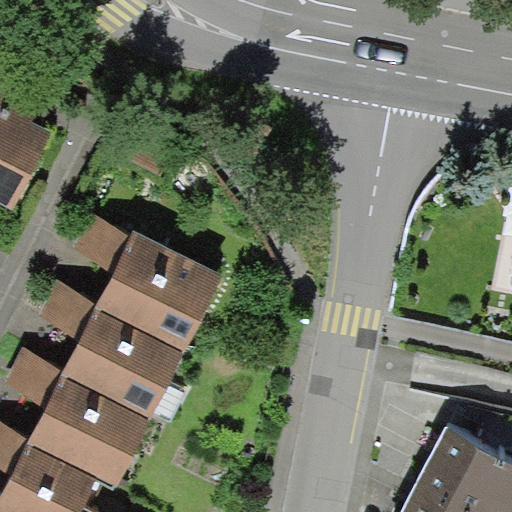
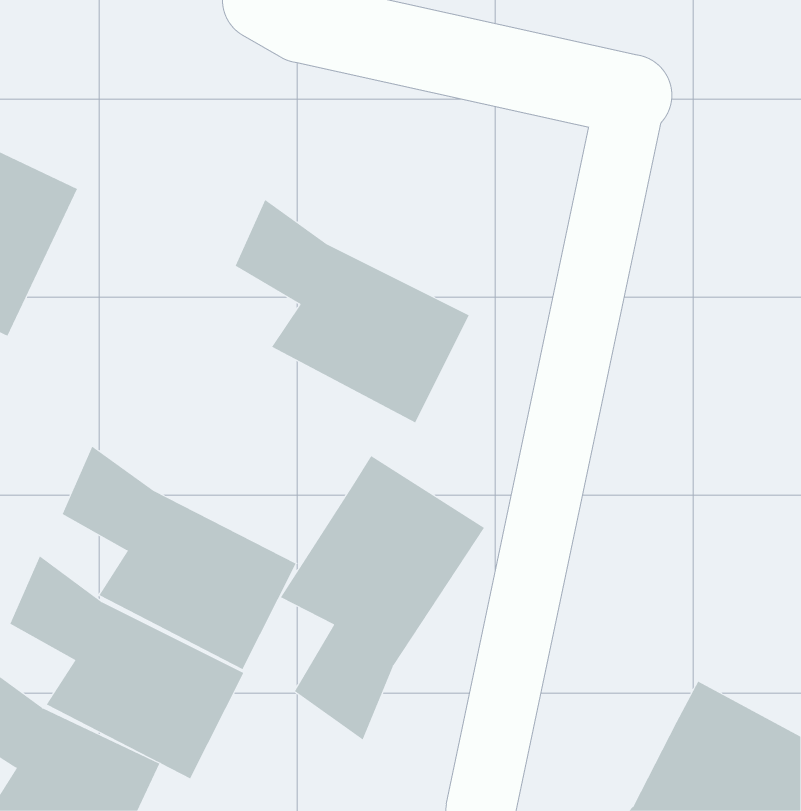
building: [75,210,223,351] -> [235,199,469,423]
building: none -> [280,455,485,740]

